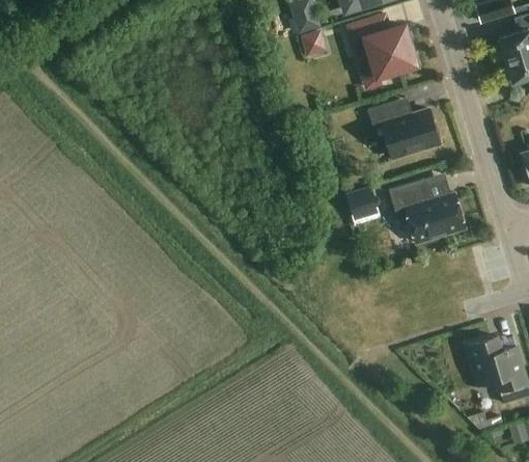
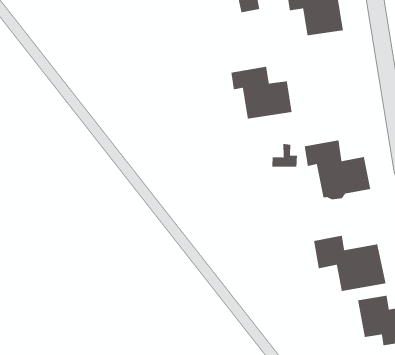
building: [368,97,439,156] -> [231,66,292,119]
building: none -> [313,235,386,292]

